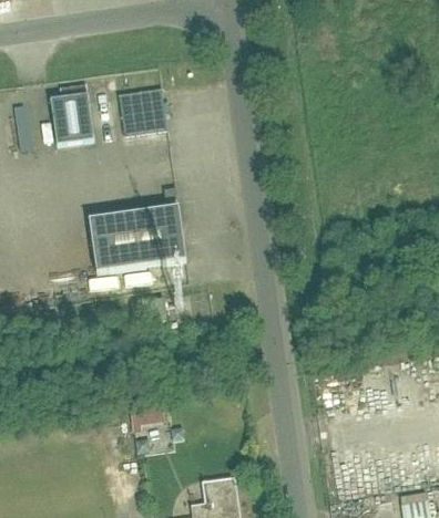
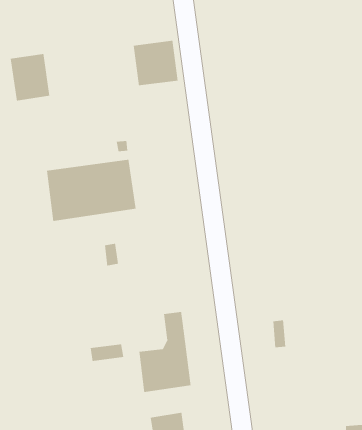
building: [116,84,165,133] -> [133,40,179,86]
building: none -> [139,311,191,393]

